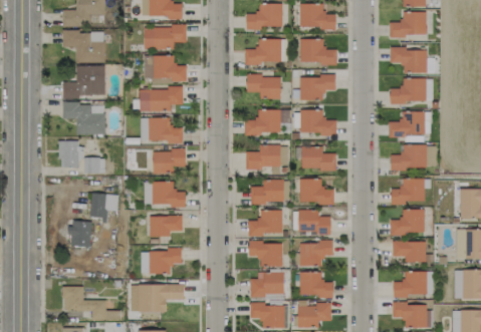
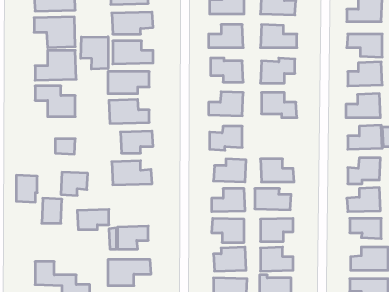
building: none -> [81,37,108,69]
building: [59,140,81,169] -> [16,175,37,202]
building: [301,146,335,171] -> none
building: [150,216,183,237] -> [77,209,109,230]

